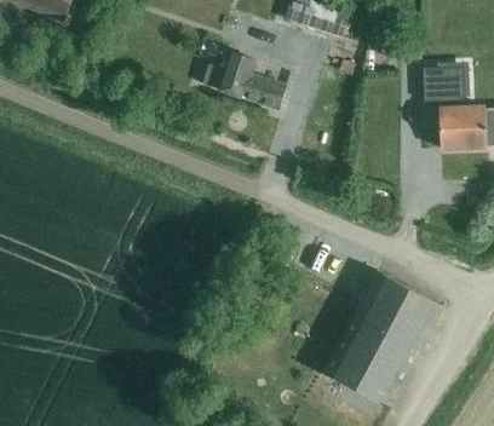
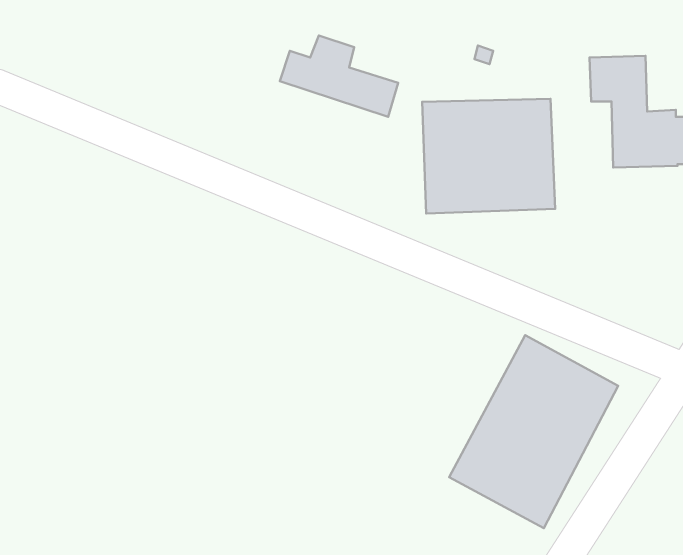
building: none -> [422,99,555,213]

